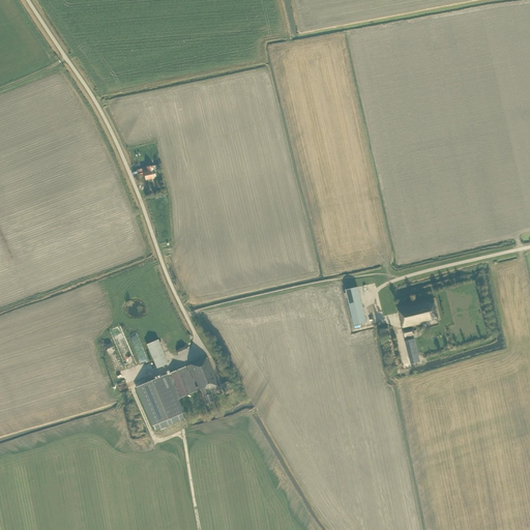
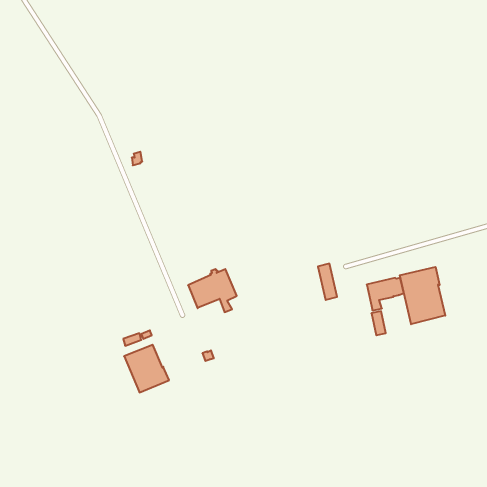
building: none -> [400,267,445,324]
building: [166,356,218,403] -> [188,269,237,312]

